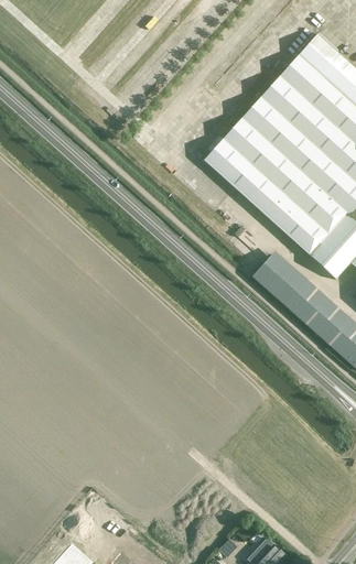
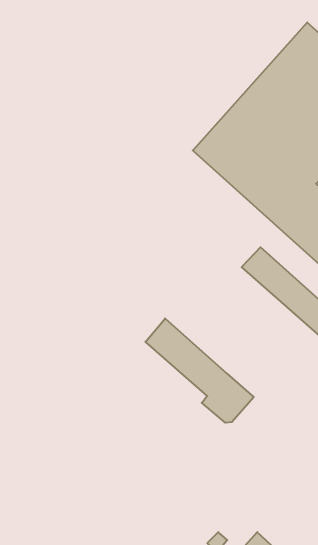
building: none -> [145,318,254,423]

